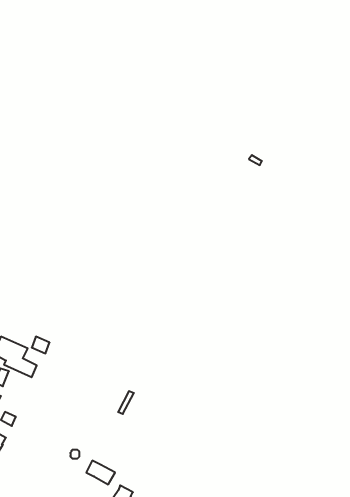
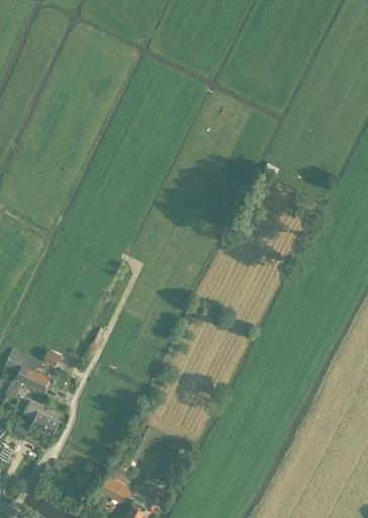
building: none -> [23,403,57,436]

